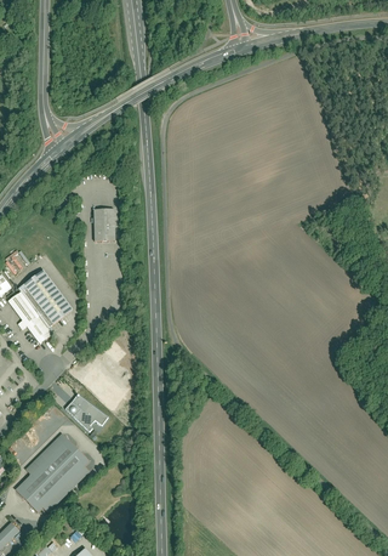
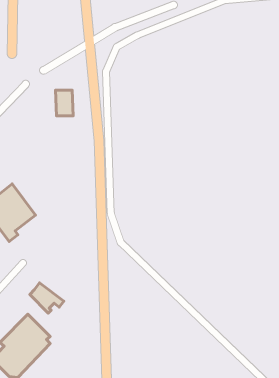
building: [93,208,115,239] -> [56,90,73,116]

